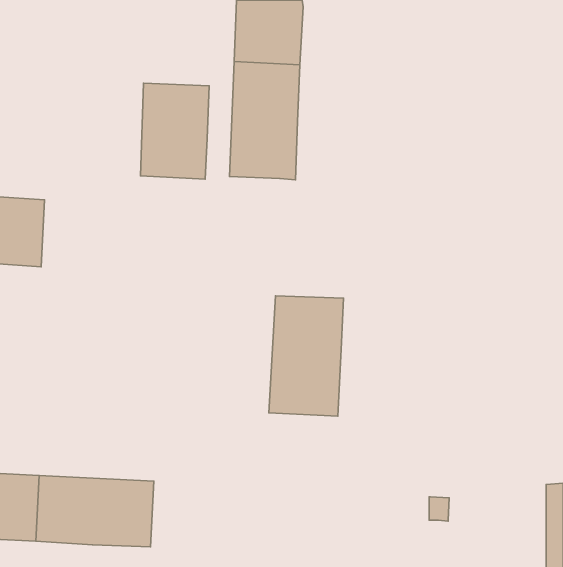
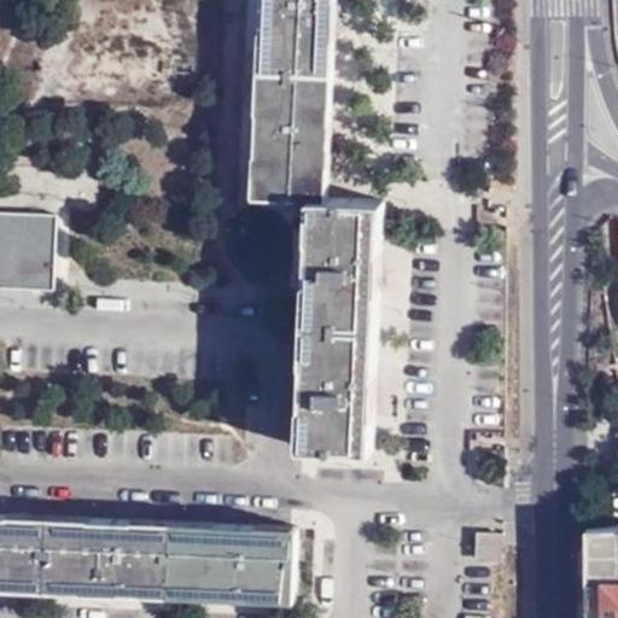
building: [141,83,209,179] -> none
building: none -> [298,197,377,326]
building: none -> [163,524,290,600]

